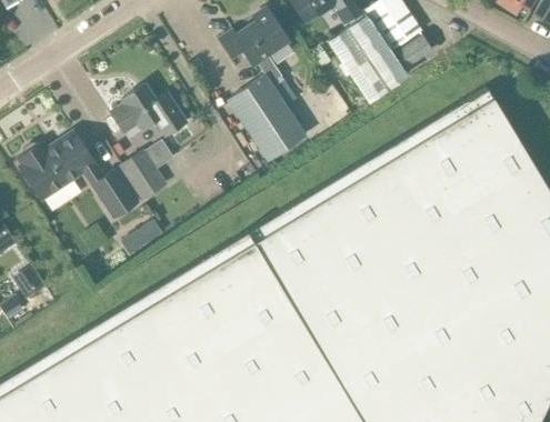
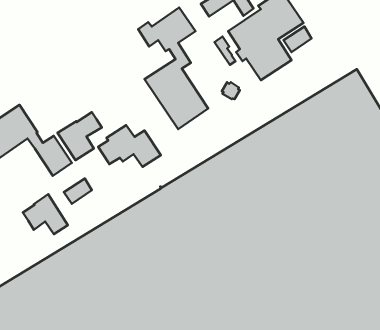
building: [111,86,188,137] -> [98,125,161,167]
building: none -> [23,194,68,234]

